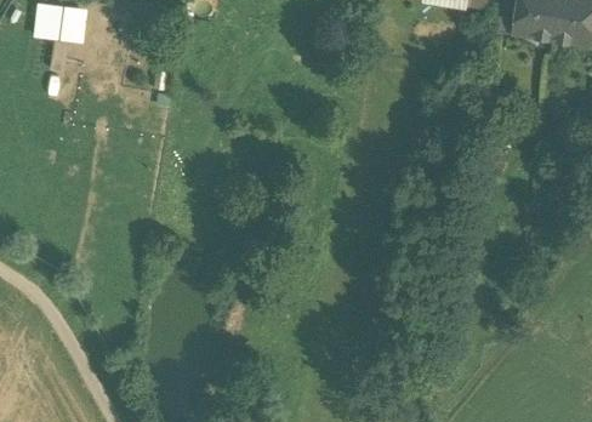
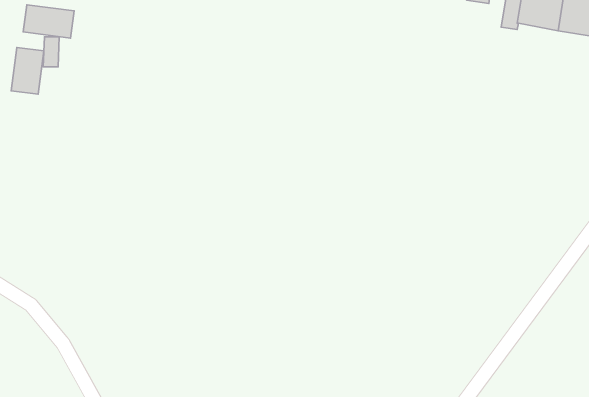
building: none -> [11,47,44,94]

